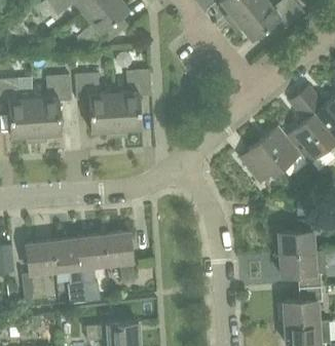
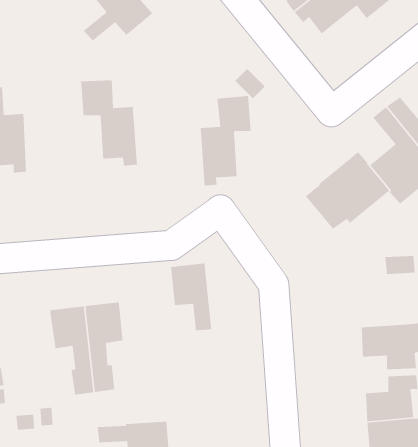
building: [113,69,151,136] -> [200,95,252,187]
building: [33,75,71,141] -> none
building: [277,219,317,254] -> none
building: [103,232,134,282] -> [170,262,212,331]
building: [21,241,55,308] -> none

